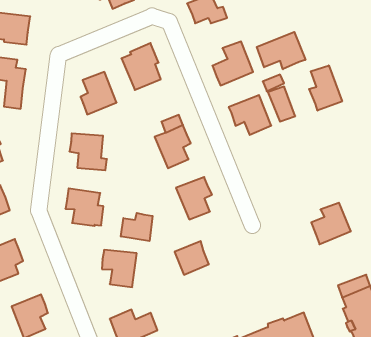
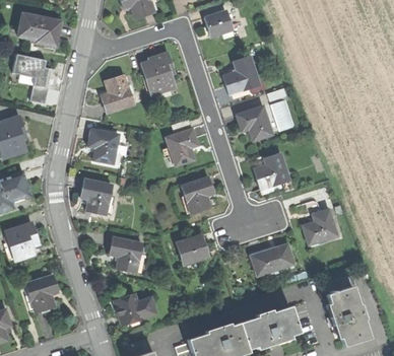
building: [257,32,305,69] -> none
building: [309,65,342,111] -> none
building: none -> [255,156,291,195]
building: [121,213,153,241] -> none
building: none -> [252,244,294,276]

